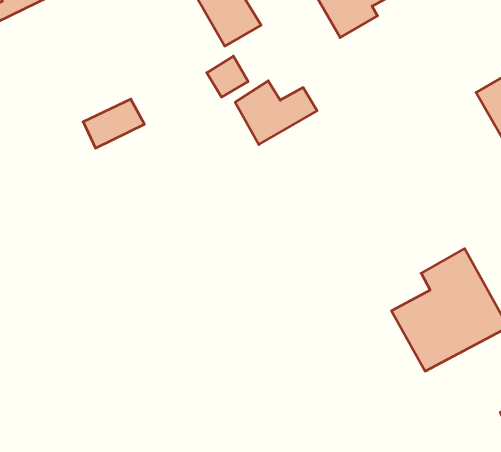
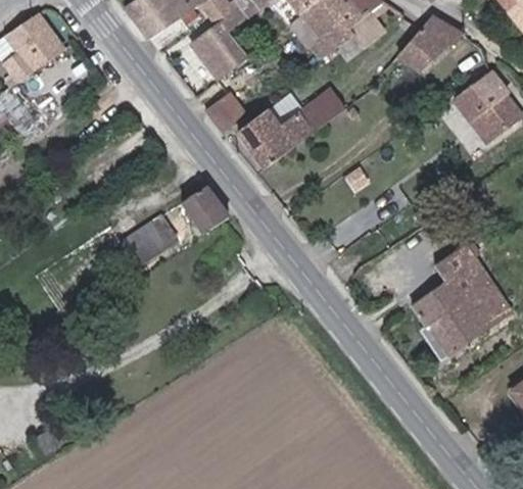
building: none -> [401,18,461,76]
building: none -> [296,87,343,132]
building: [83,99,144,148] -> [121,218,177,267]
building: none -> [181,188,228,235]

